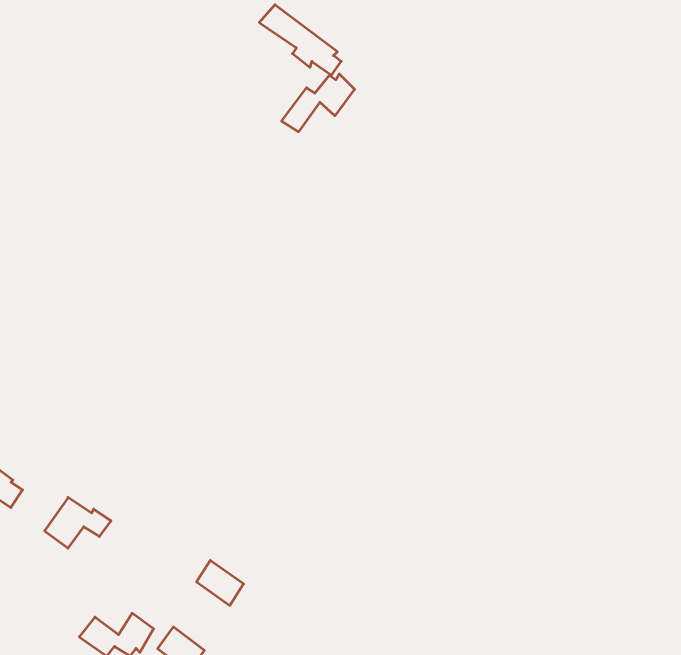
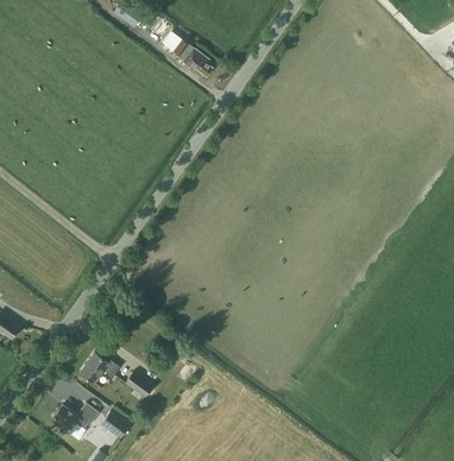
building: [282,74,355,132] -> none
building: [45,497,111,548] -> [80,352,120,383]

